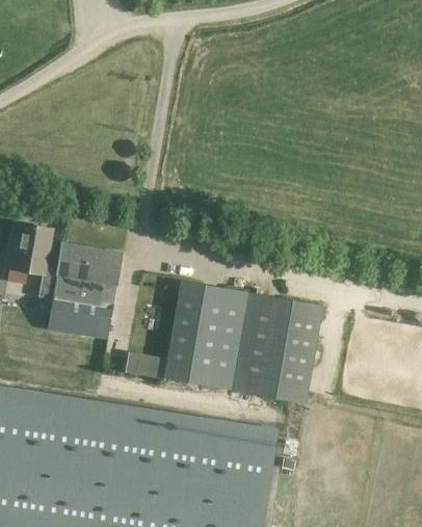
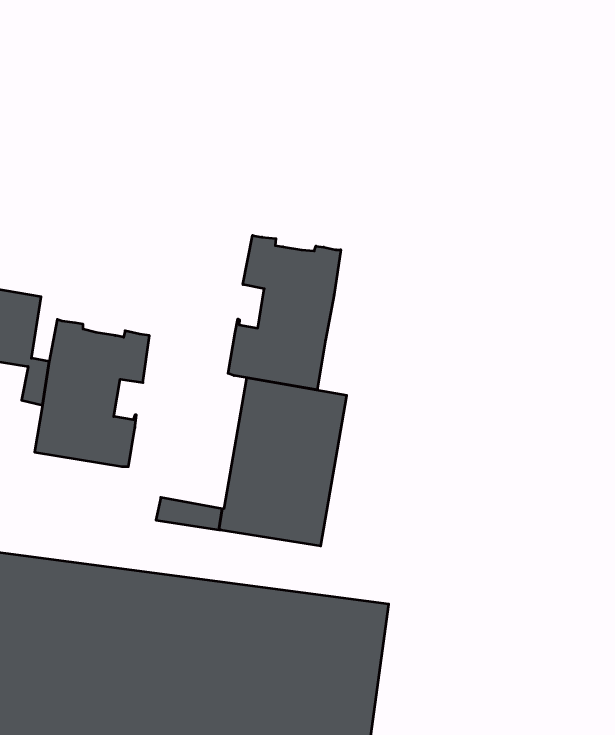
building: none -> [228,235,341,390]
building: [232,293,320,402] -> none

